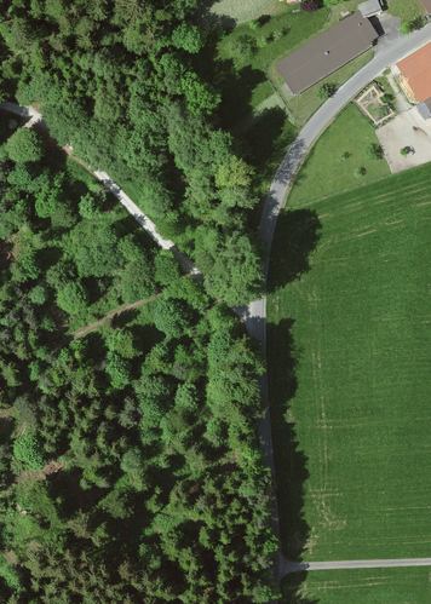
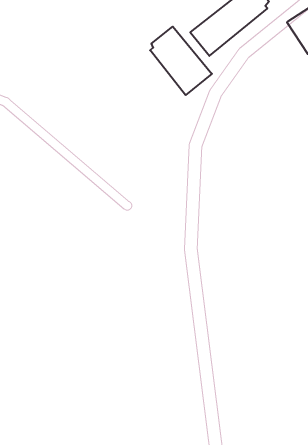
building: none -> [150,27,212,95]

